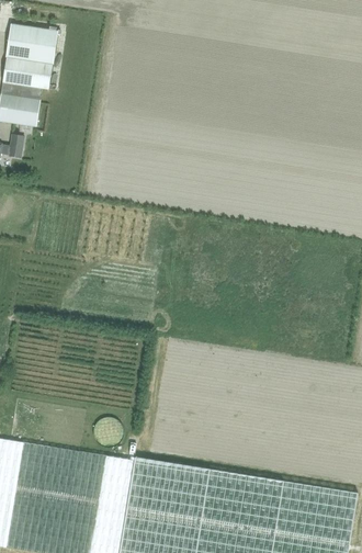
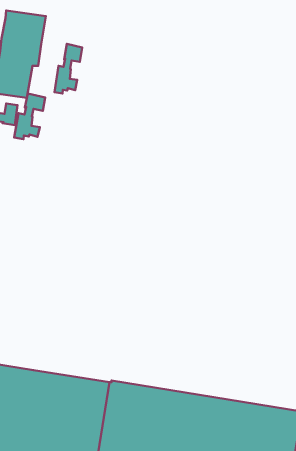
building: none -> [54,44,82,93]
building: none -> [14,93,45,139]

